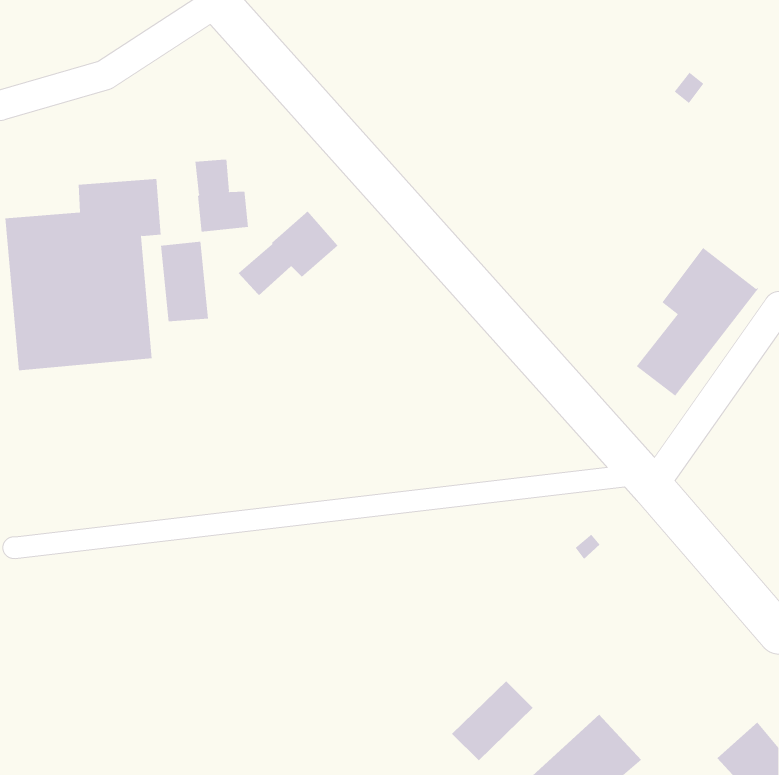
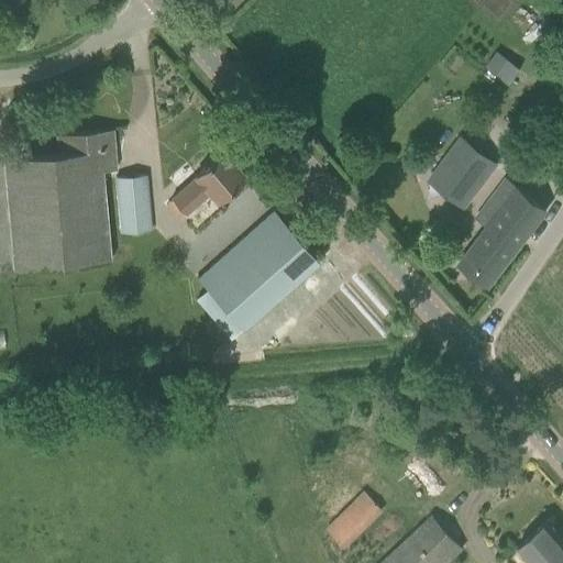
building: [195,159,248,232] -> none
building: none -> [429,140,497,210]
building: none -> [194,213,319,342]

